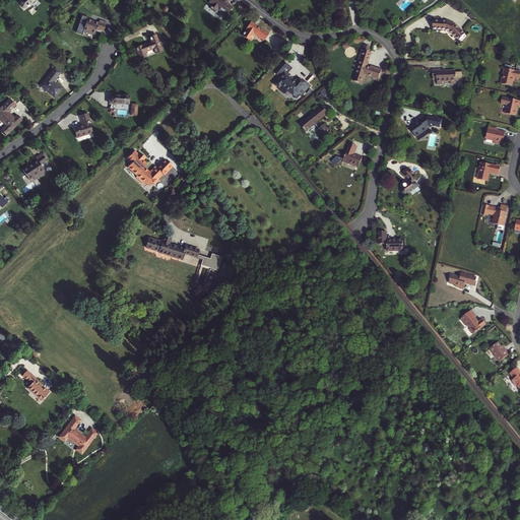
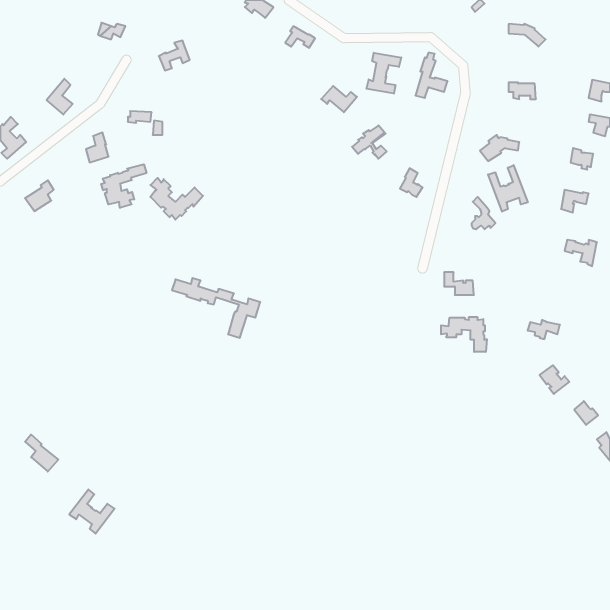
building: none -> [366,53,401,94]
building: none -> [101,164,146,208]
building: none -> [488,165,528,212]
building: none -> [441,317,487,352]

